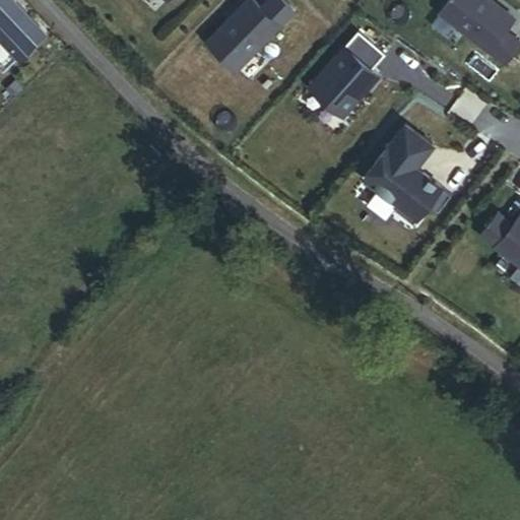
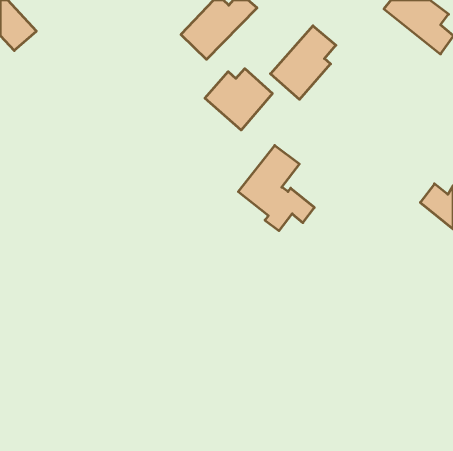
building: none -> [205,69,272,130]
building: [364,125,451,222] -> [238,145,314,231]

